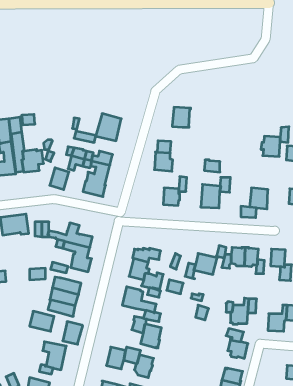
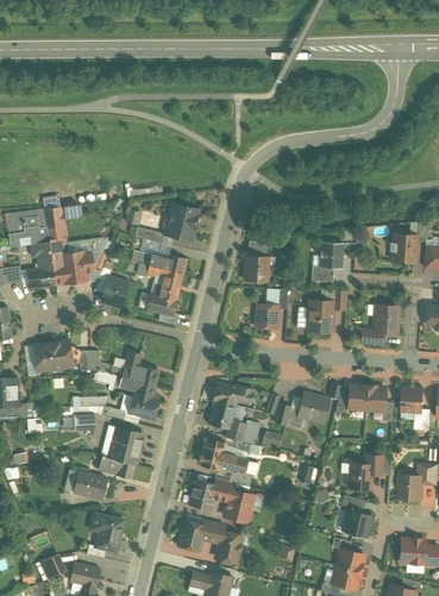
building: [172,107,191,127] -> [319,241,344,269]
building: [63,322,83,344] -> [189,479,217,510]
building: none -> [399,539,425,565]

